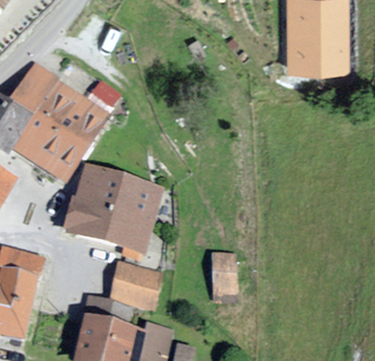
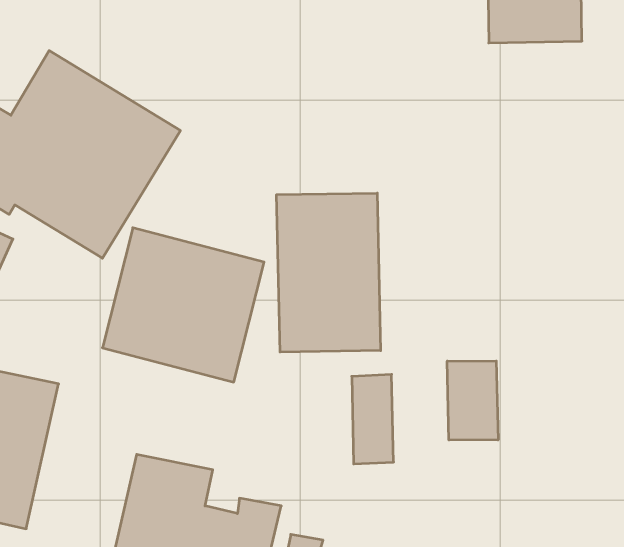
building: none -> [277,193,381,352]
building: none -> [447,361,498,440]
building: [108,262,160,308] -> none

